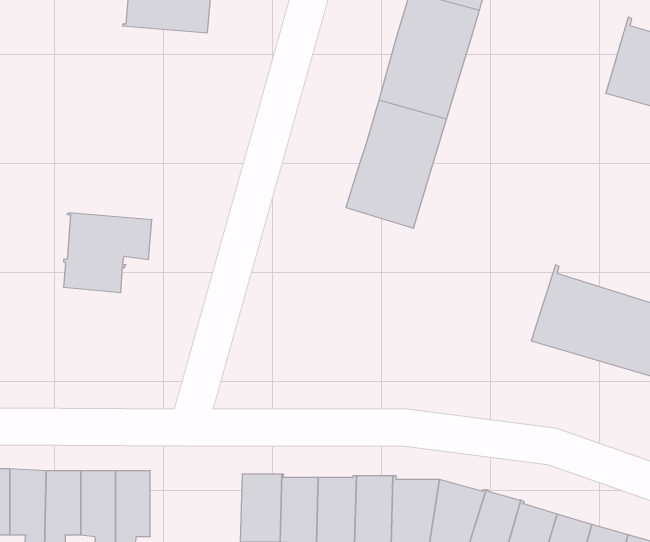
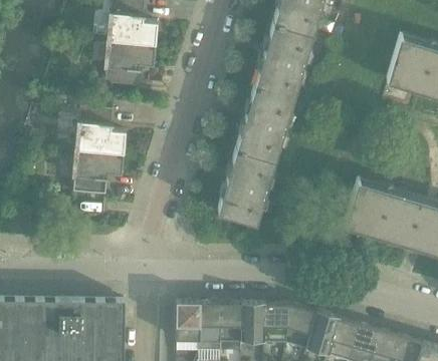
building: none -> [105,44,157,89]
building: none -> [76,109,127,156]
building: none -> [218,149,276,226]

